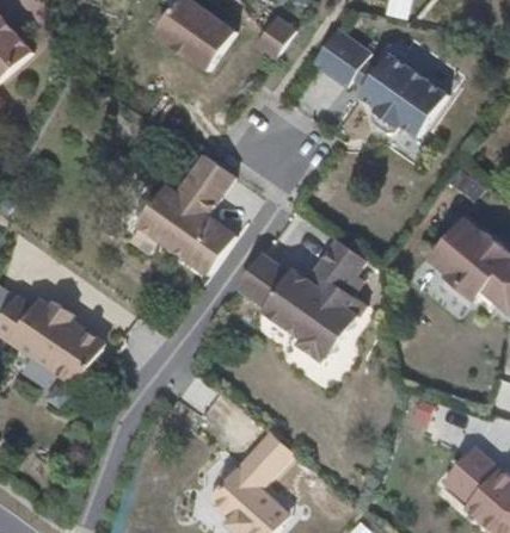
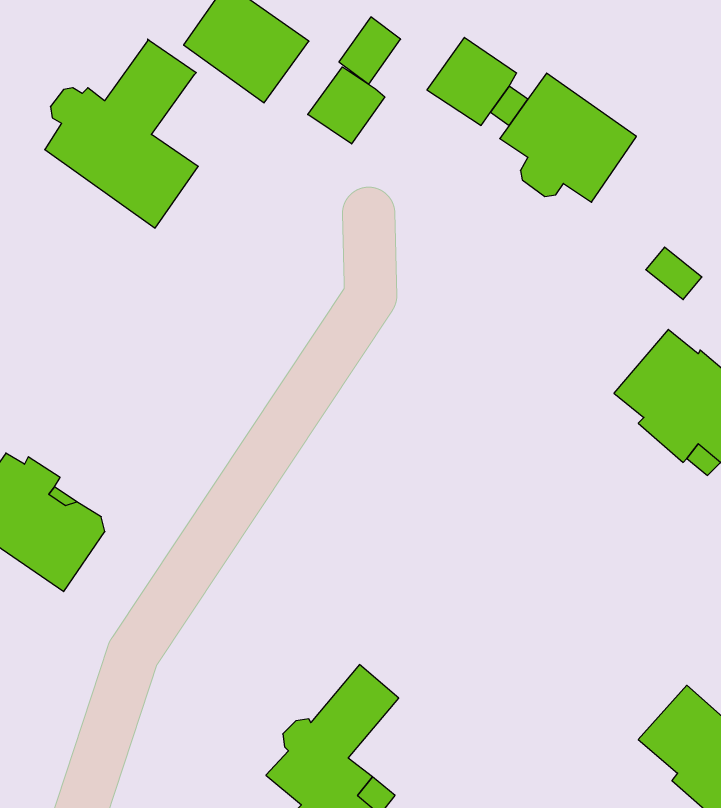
building: none -> [308,67,385,144]
building: [139,154,236,274] -> [45,39,198,228]
building: [238,238,365,360] -> none

